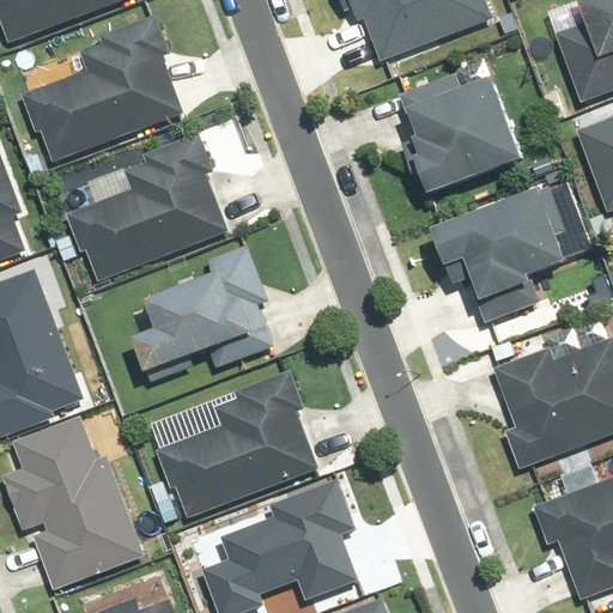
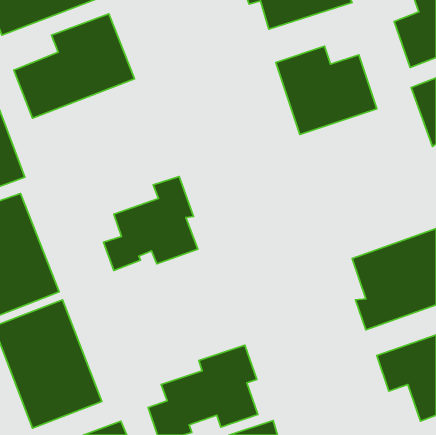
building: [69,141,235,284] -> none
building: [436,190,578,310] -> none
building: [156,370,320,515] -> none

